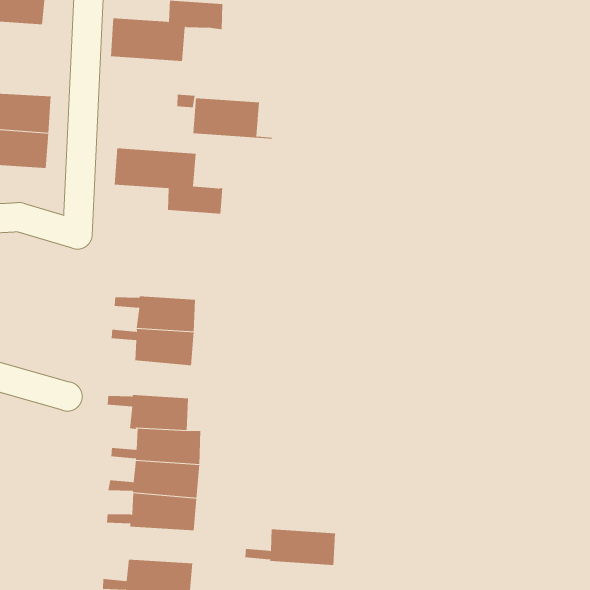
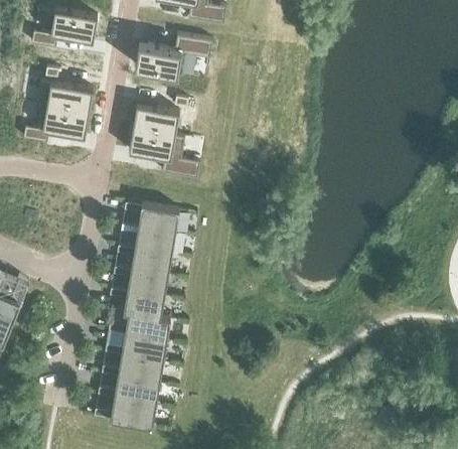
building: [192,98,273,139] -> [132,103,184,135]
building: none -> [124,201,178,231]
building: none -> [113,266,167,295]
building: [245,529,336,566] -> [97,376,158,404]

